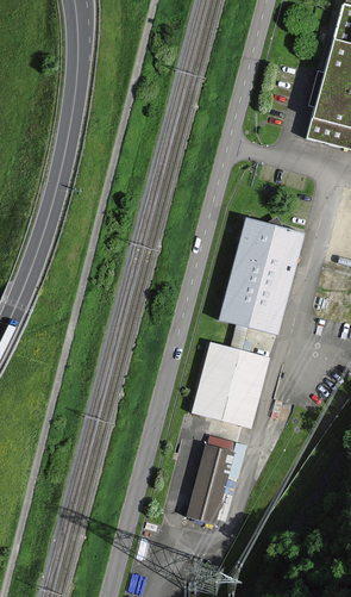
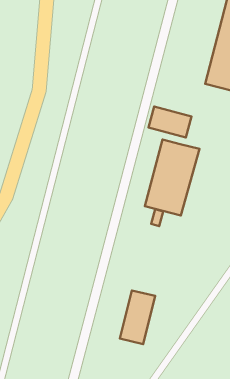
building: none -> [149,107,191,137]
building: [188,342,268,427] -> none

